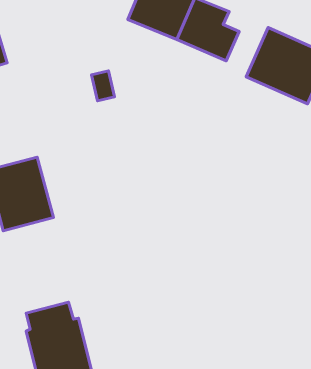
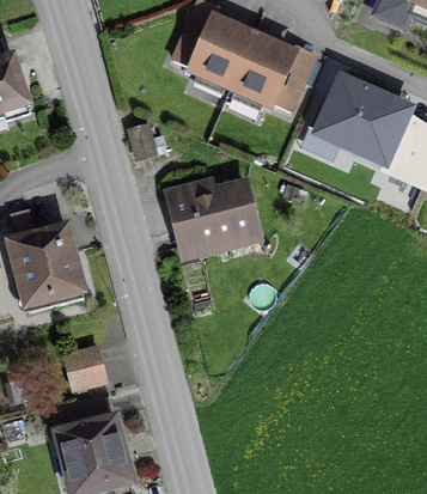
building: none -> [163,178,261,257]
building: none -> [62,346,106,394]

